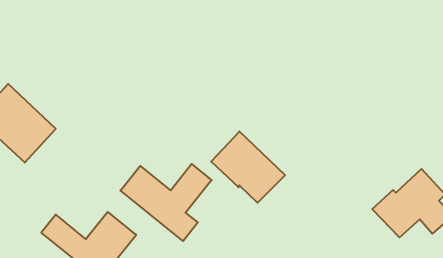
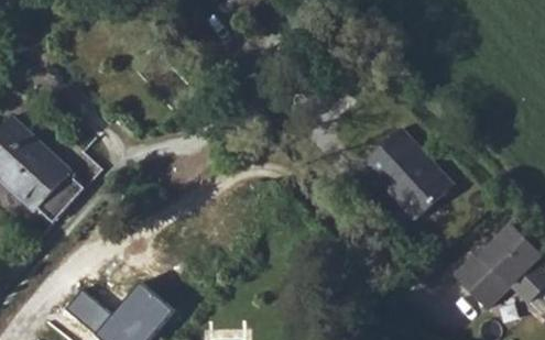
building: [211,131,285,203] -> [363,134,453,220]
building: [120,164,212,241] -> none

